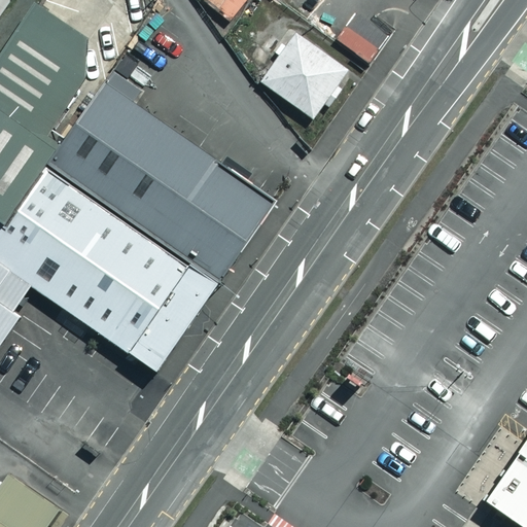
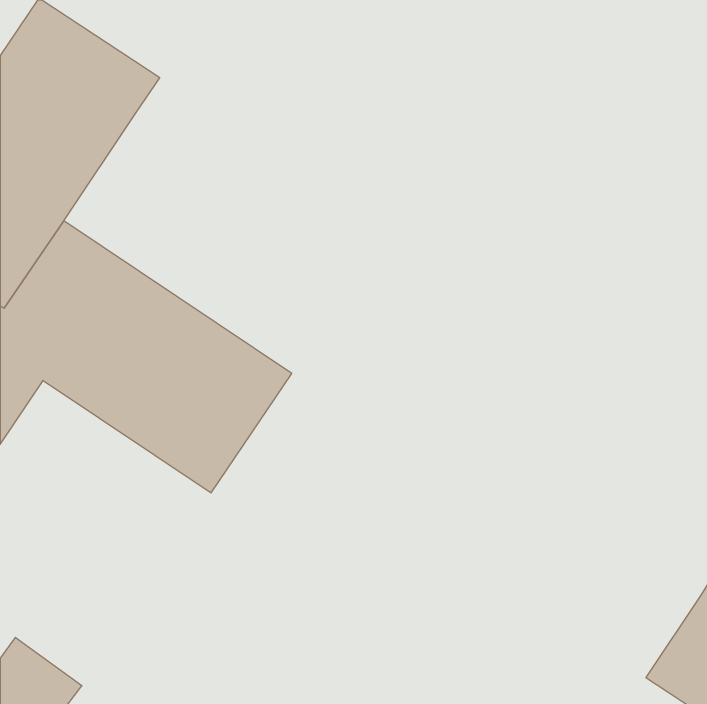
building: [255,32,347,121] -> none
building: [49,87,273,281] -> none

